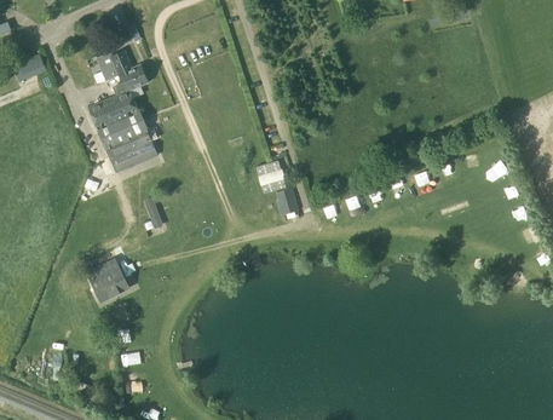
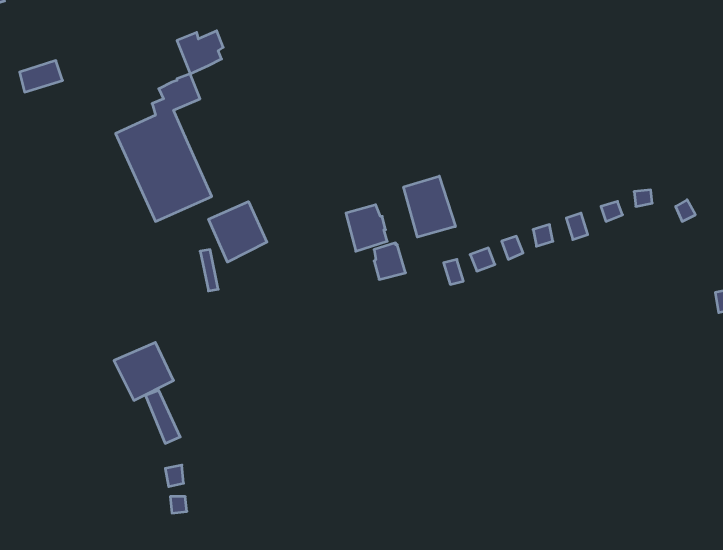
building: [96,51,129,82] -> [177,31,223,74]
building: none -> [404,176,455,237]
building: none -> [209,202,267,262]

